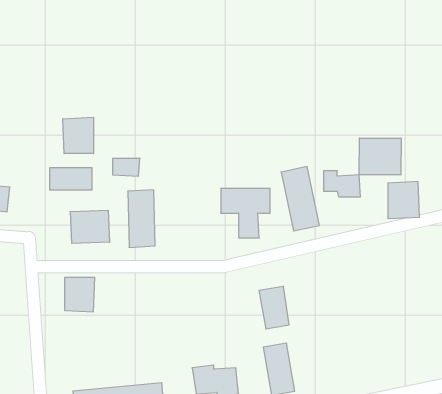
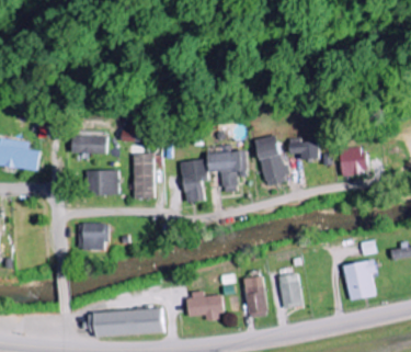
building: [63,117,94,154] -> none
building: [359,138,401,175] -> none
building: none -> [183,159,209,202]
building: [259,286,289,329] -> [277,273,301,307]
building: none -> [344,261,375,299]

